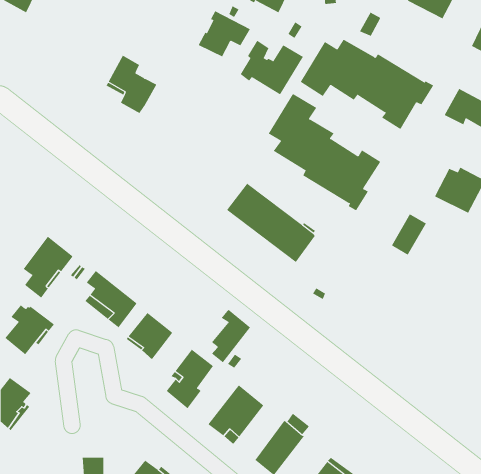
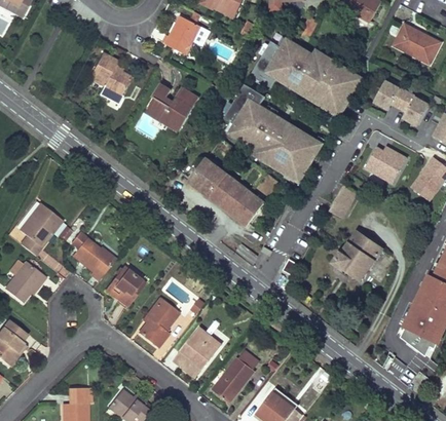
building: [240,40,304,95] -> [146,82,199,128]
building: none -> [335,230,382,279]
building: [211,309,251,363] -> none

